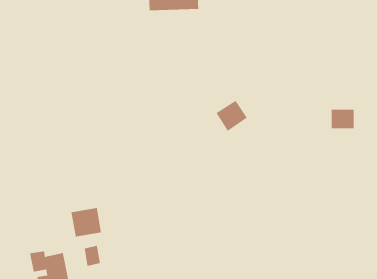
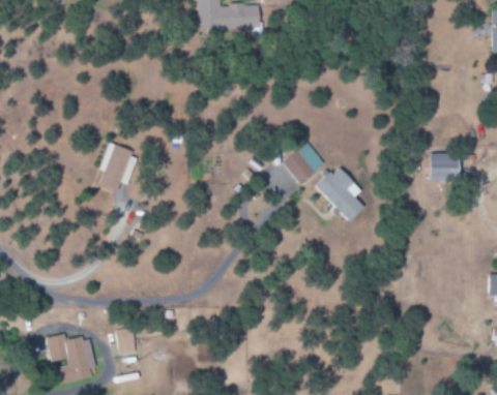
building: none -> [98,143,133,191]
building: none -> [316,165,366,221]
building: [71,207,102,238] -> none

